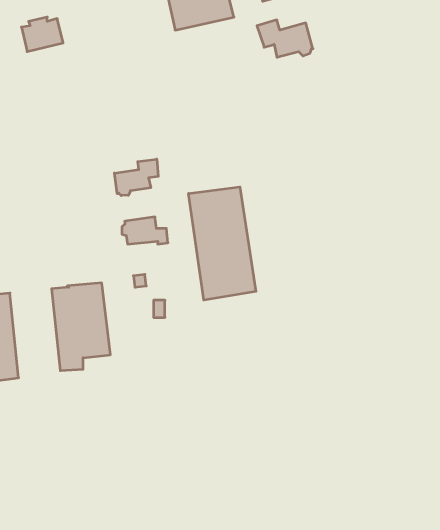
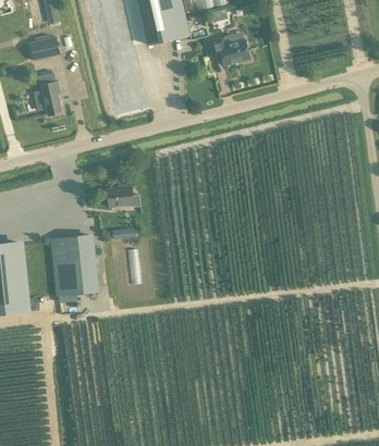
building: none -> [35,74,62,115]
building: [114,159,158,196] -> none
building: [189,187,256,300] -> none

